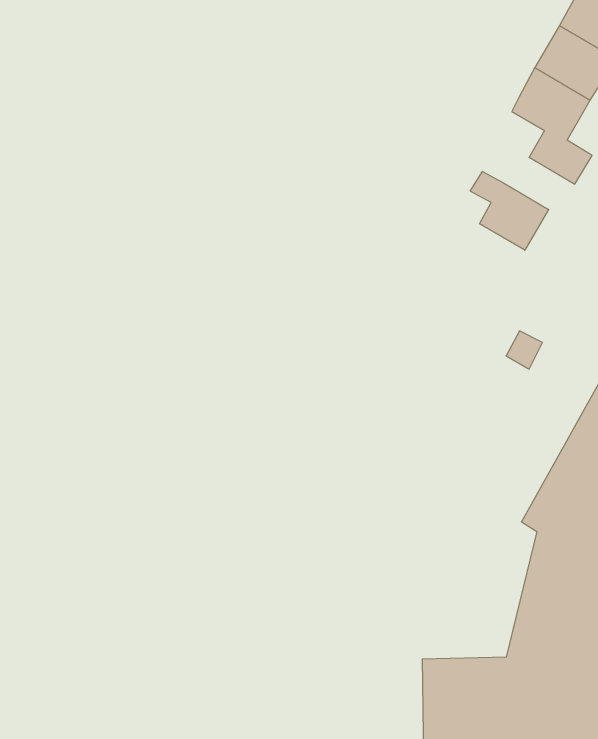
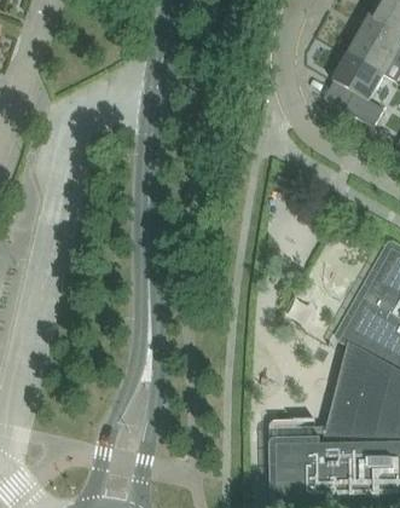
building: [470,171,549,250] -> none

